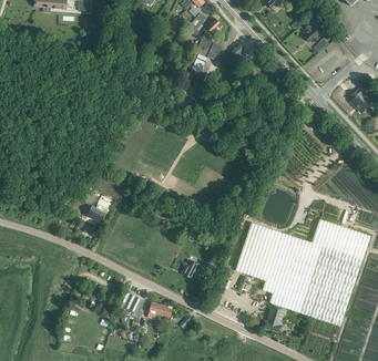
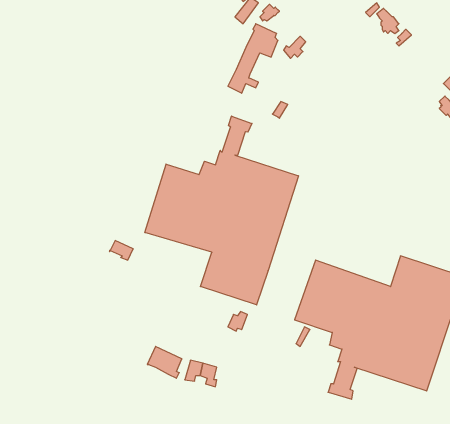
building: none -> [145,116,298,305]

